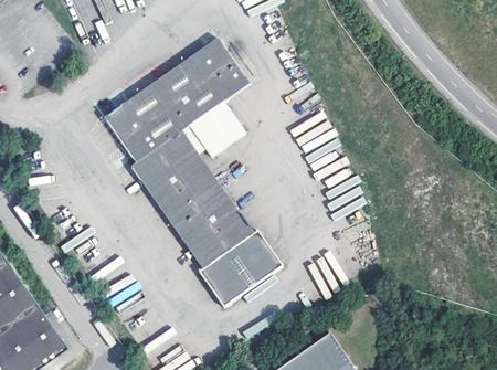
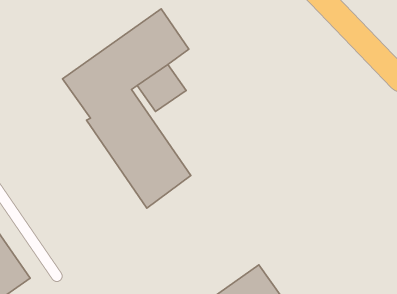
building: [198,230,281,307] -> none

